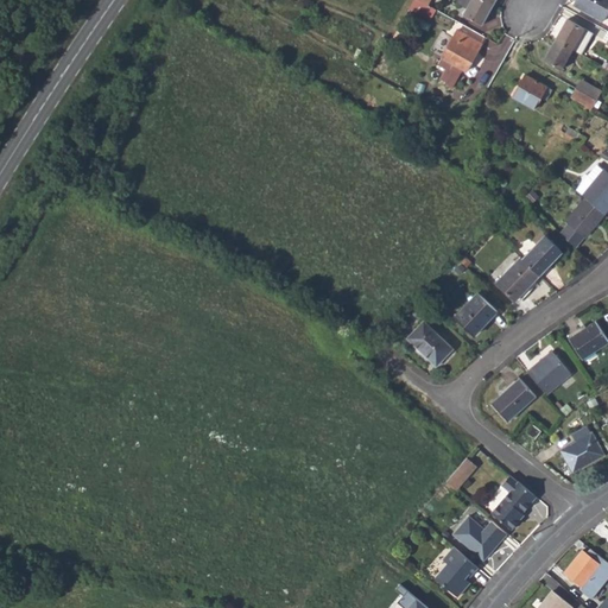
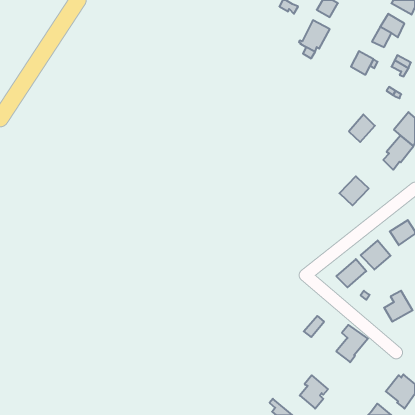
building: [522,235,560,276] -> [349,114,375,142]
building: [454,292,498,336] -> none
building: [407,321,454,366] -> none
building: [454,518,507,562] -> none

